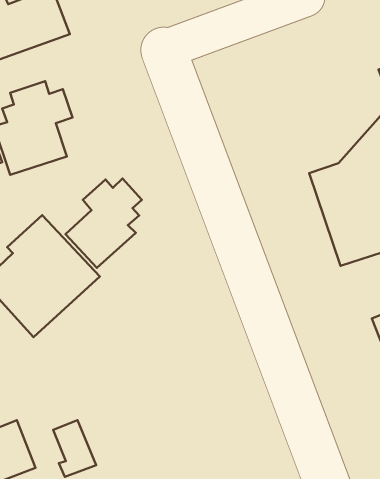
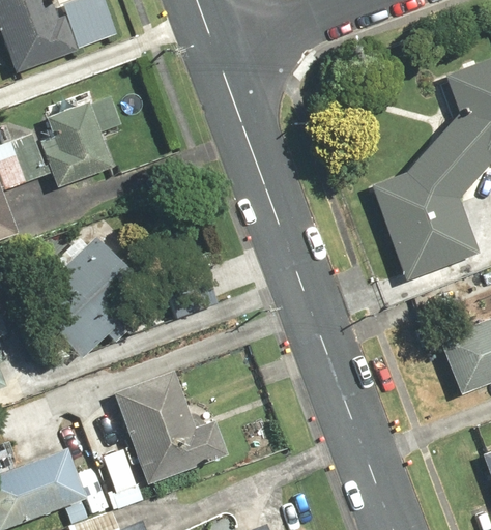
building: [66,179,142,268] -> none
building: none -> [114,373,229,485]

